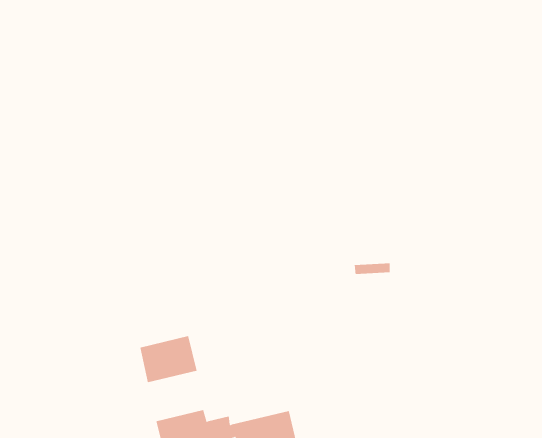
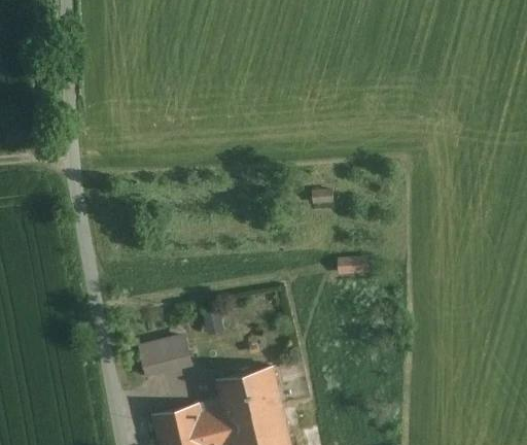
building: none -> [216,368,281,419]

